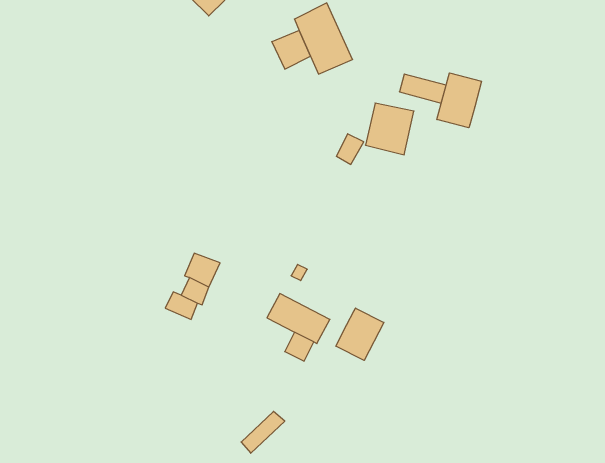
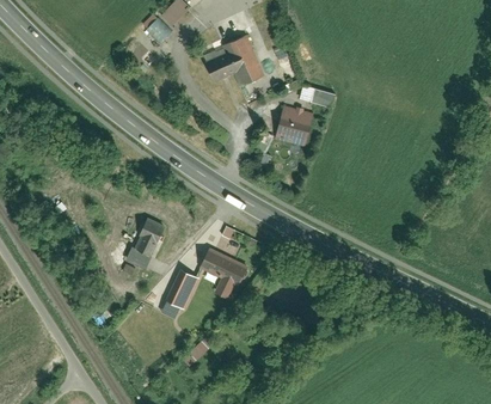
building: [437,73,481,128] -> none
building: [336,308,384,360] -> none
building: none -> [166,271,200,308]

